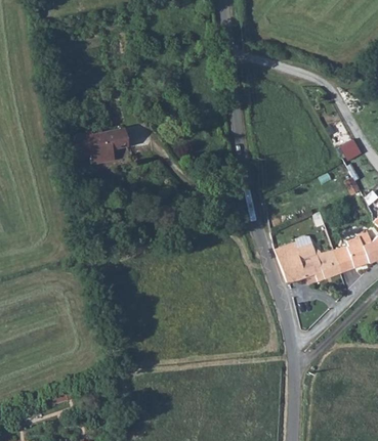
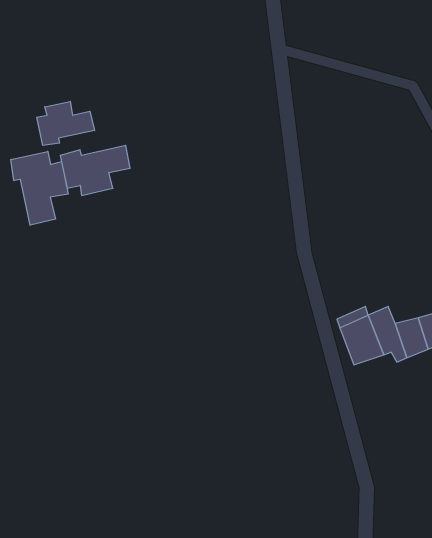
building: none -> [37,101,94,145]
building: none -> [11,151,68,225]

